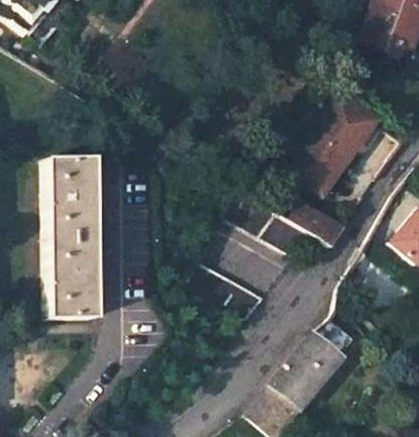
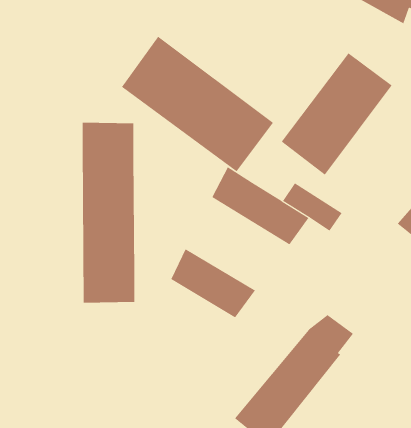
building: none -> [121,36,274,172]
building: [48,154,96,315] -> [82,122,135,303]

